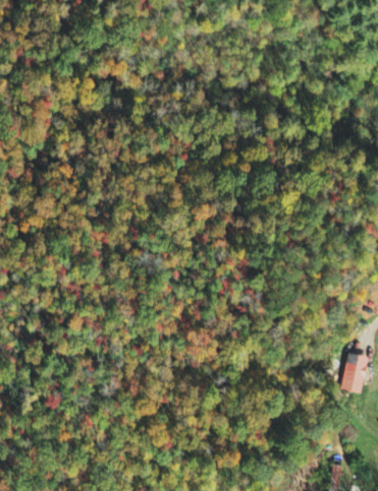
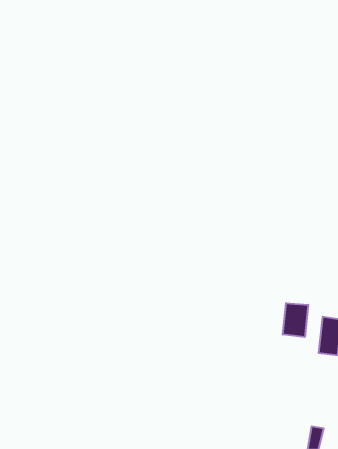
building: none -> [283,303,308,337]

